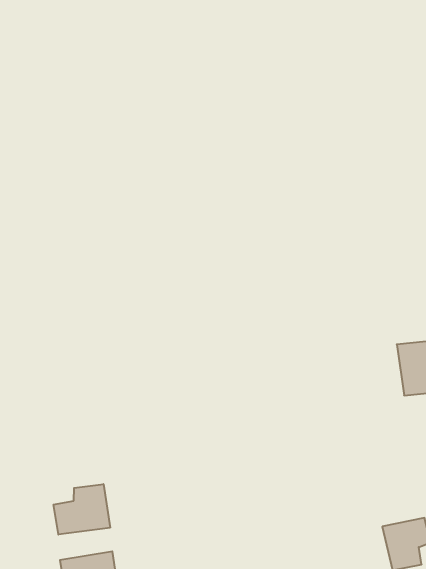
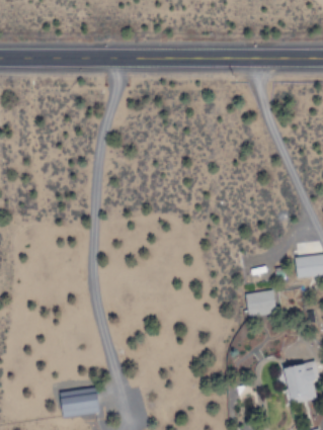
building: none -> [246,289,276,317]
building: [54,484,110,535] -> none

